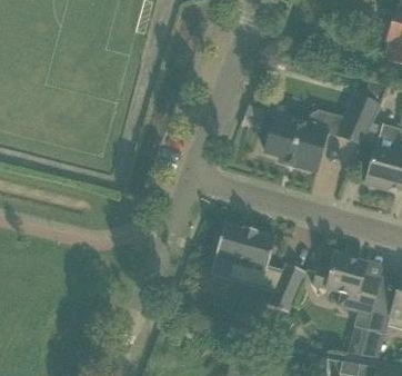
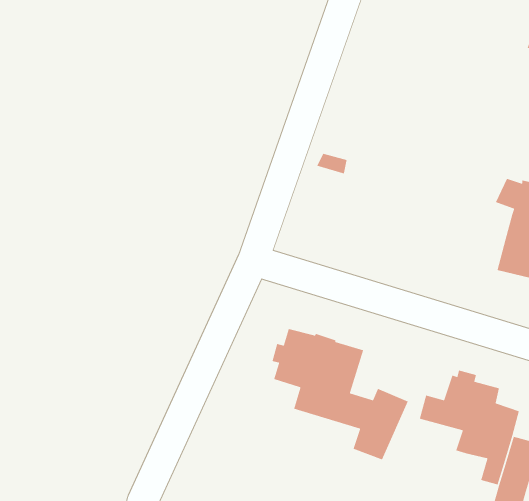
building: [262,92,380,171] -> none

